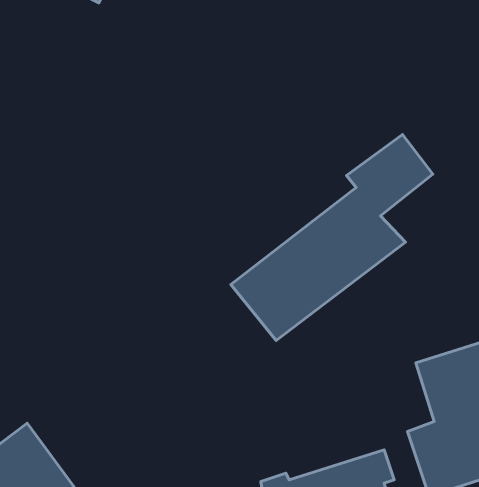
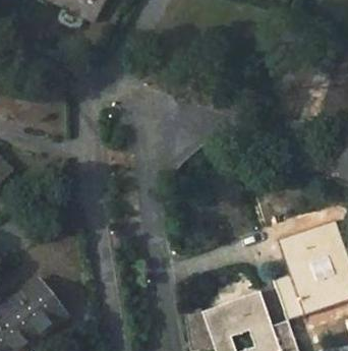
building: [231,135,433,340] -> none

